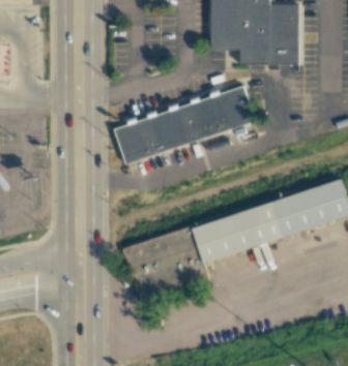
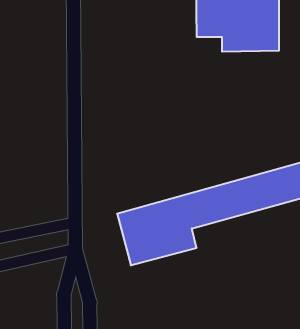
building: [114,86,255,165] -> none

